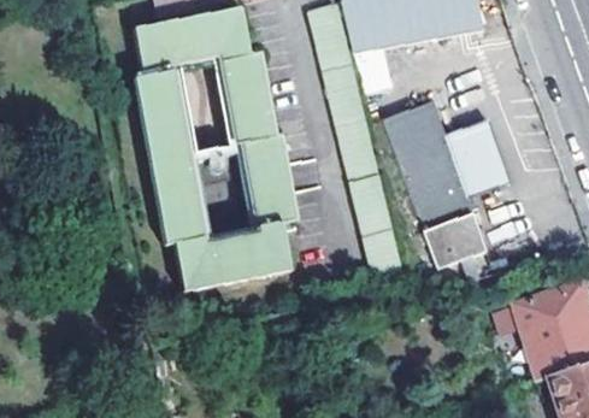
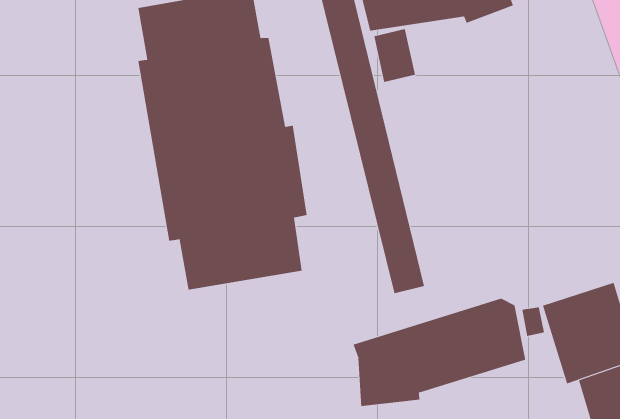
building: [384,93,510,263] -> none
building: none -> [353,298,526,407]

